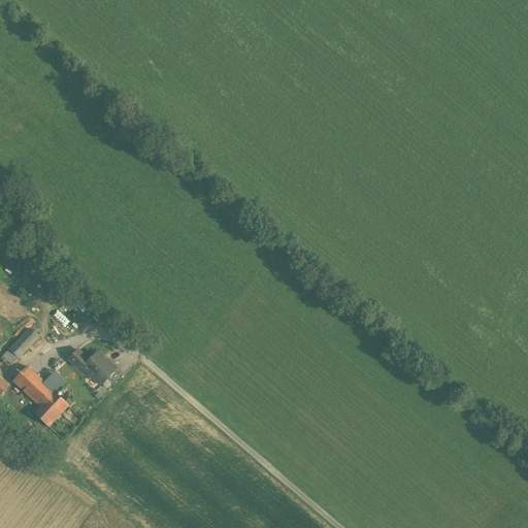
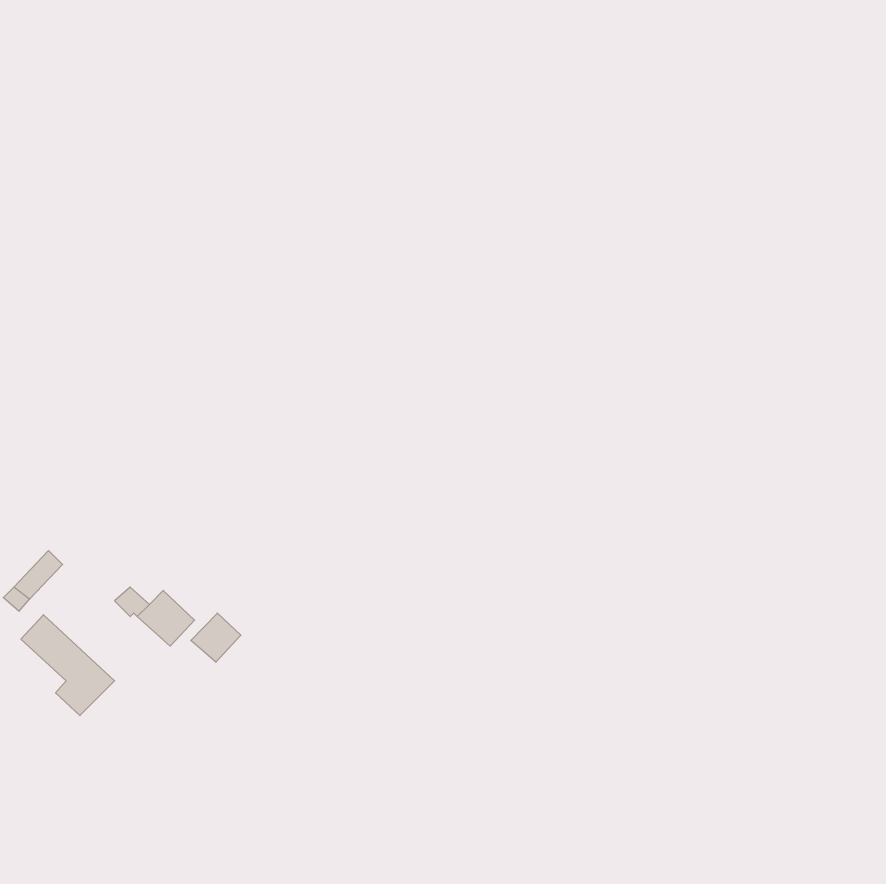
building: none -> [191,613,241,662]

